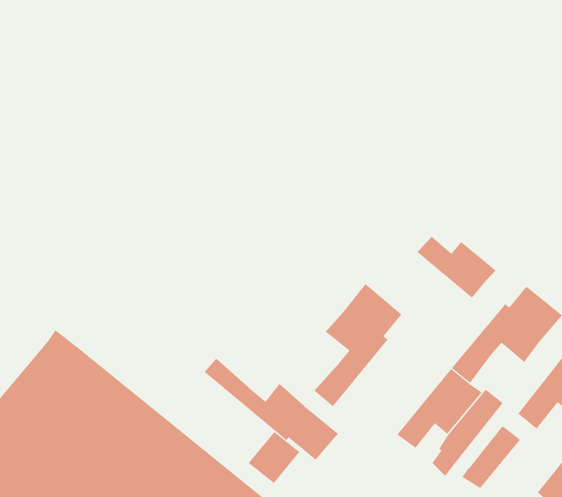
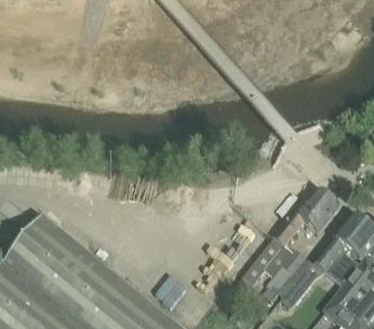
building: [416,236,497,299] -> none
building: [314,283,402,407] -> none
building: [204,358,339,460] -> none

